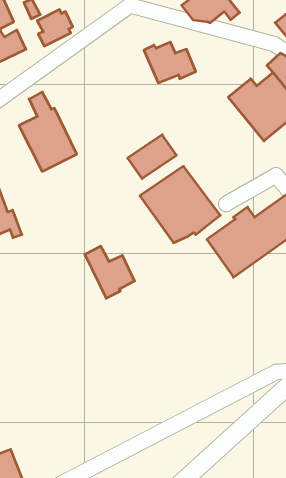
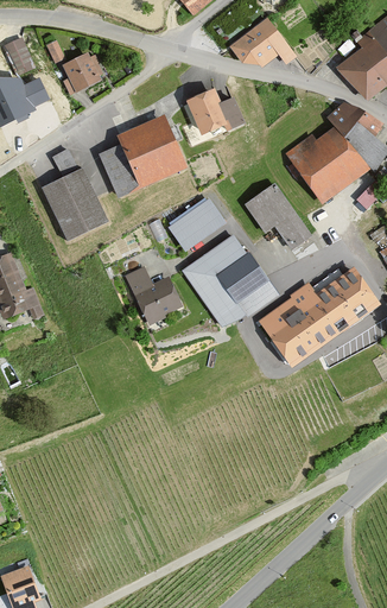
building: none -> [99,114,188,198]
building: none -> [245,183,312,251]
building: [85,246,135,298] -> [123,265,182,325]

